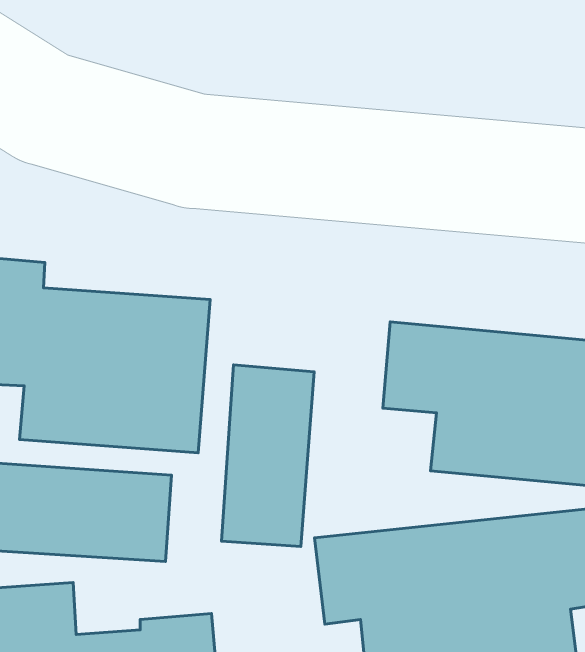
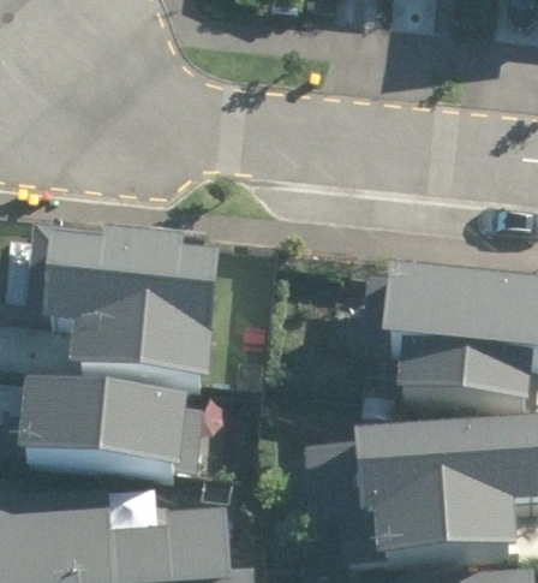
building: [221,365,314,547] -> none

